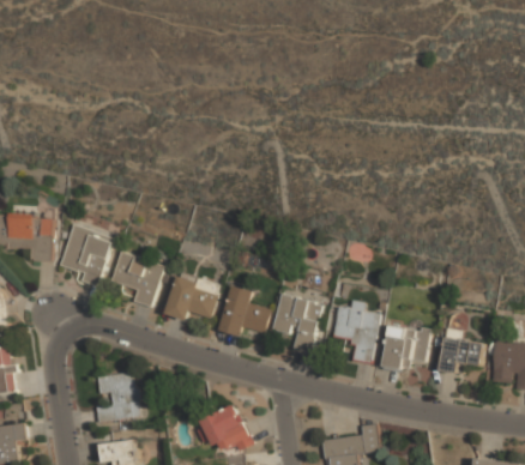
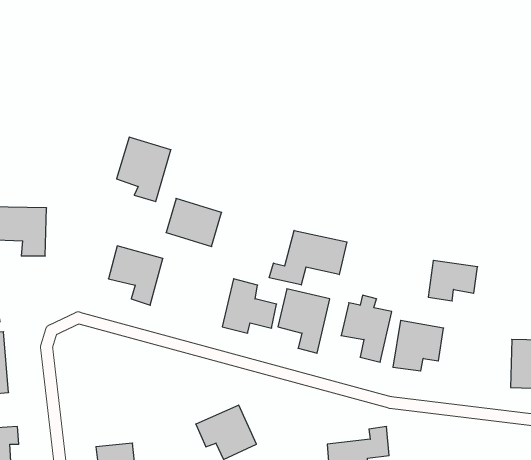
building: [59,227,110,288] -> [117,137,171,202]
building: none -> [269,230,347,285]
building: [165,278,218,324] -> [166,198,222,247]
building: [438,336,484,374] -> [428,260,478,301]
building: [93,373,139,423] -> none

